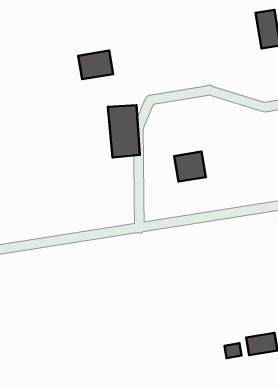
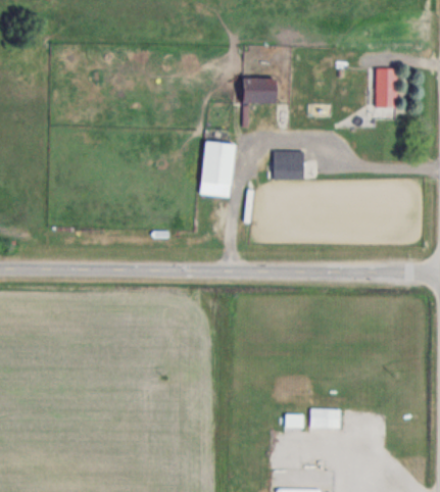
building: [78,51,113,79] -> [241,78,275,103]
building: [174,152,206,182] -> [274,151,303,179]

